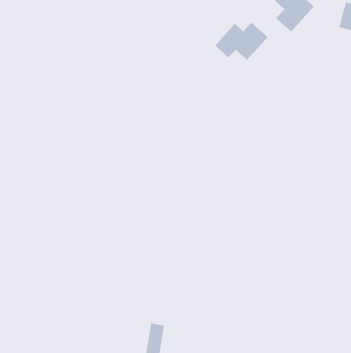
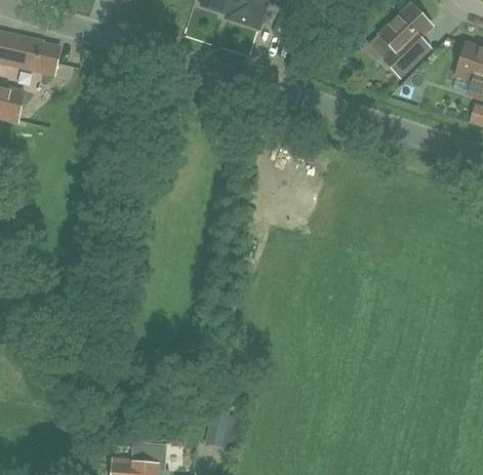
building: [215,22,268,61] -> none

